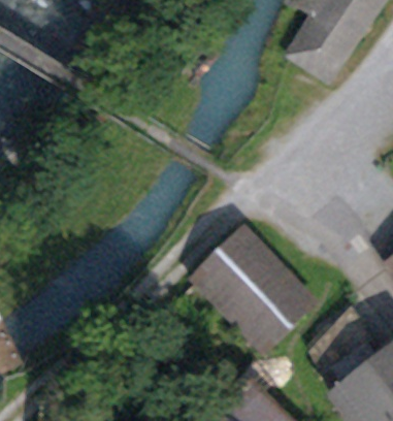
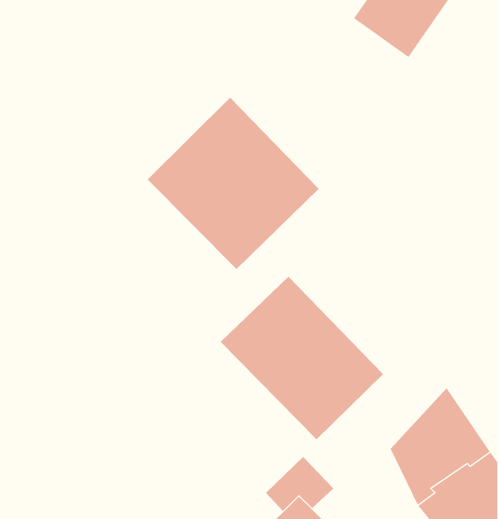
building: none -> [147,97,319,270]

